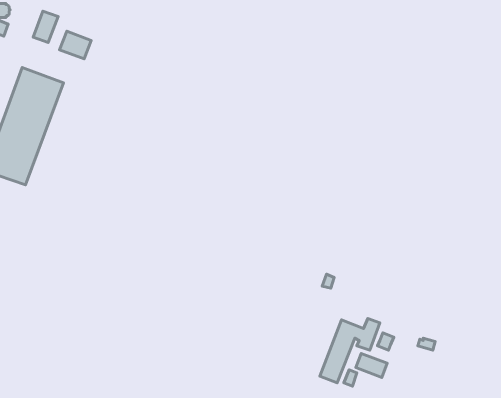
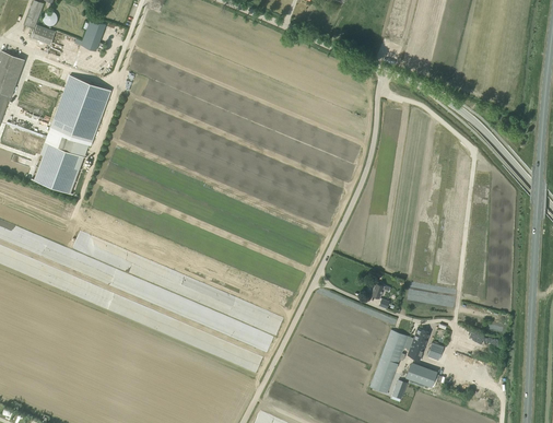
building: [60,31,91,59] -> none

